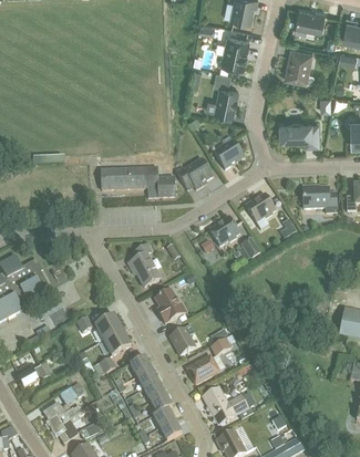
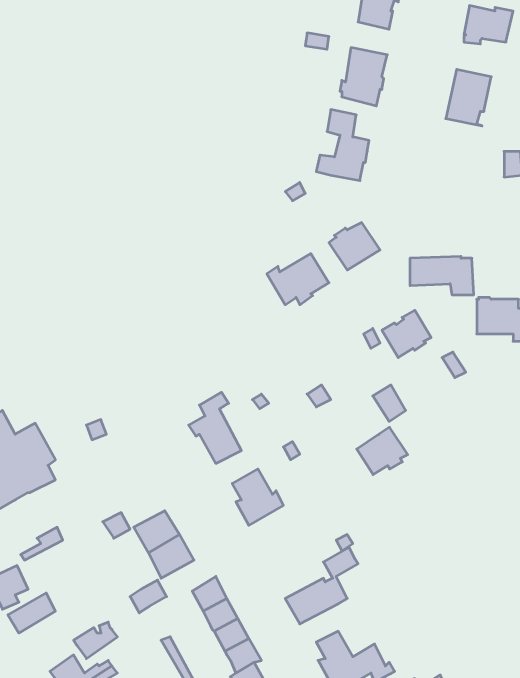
building: [279,121,318,144] -> [410,256,474,295]
building: [100,167,175,198] -> none
building: [208,216,239,245] -> [357,427,408,475]
building: [168,323,195,354] -> none

